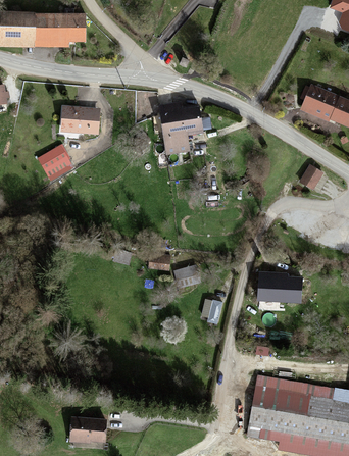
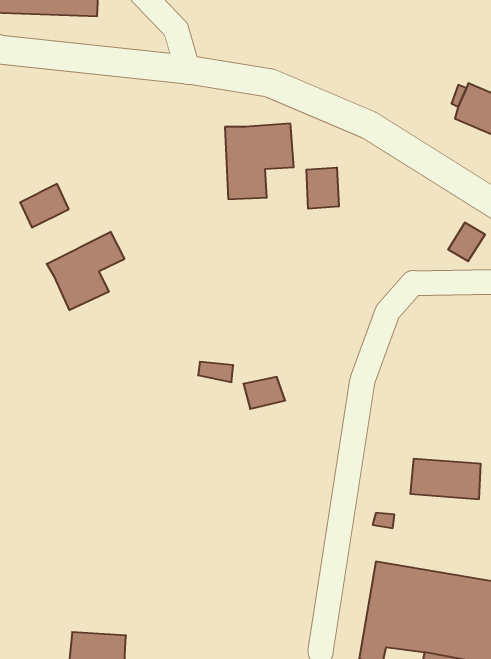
building: [63,110,98,137] -> none
building: none -> [306,167,339,209]
building: none -> [47,232,124,310]
building: [255,275,298,300] -> [410,459,481,499]

